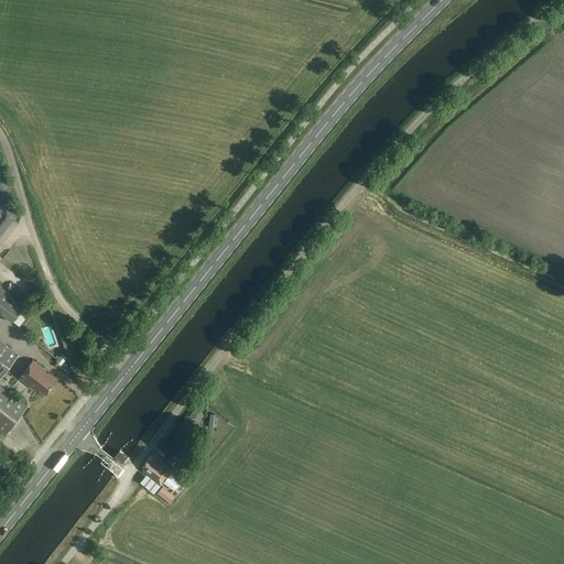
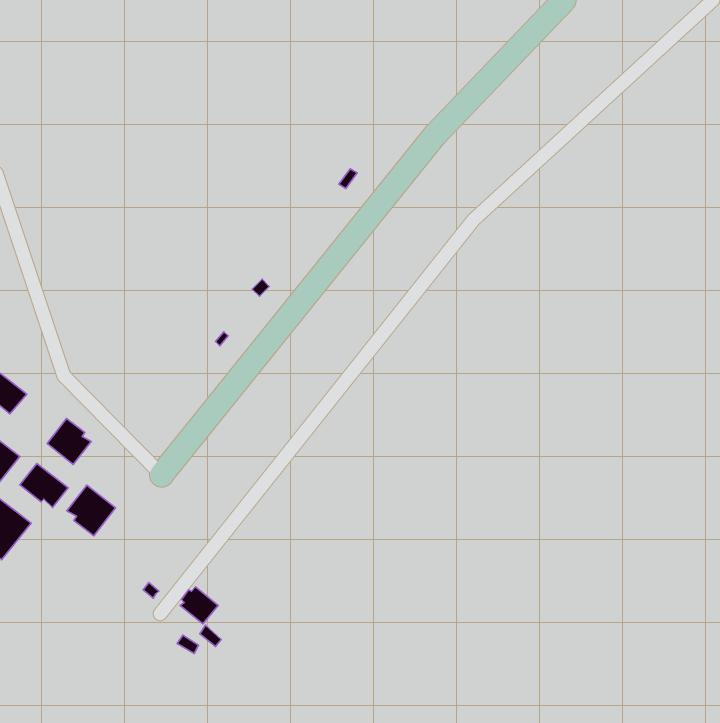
building: none -> [47,419,91,464]
building: none -> [67,485,115,536]

